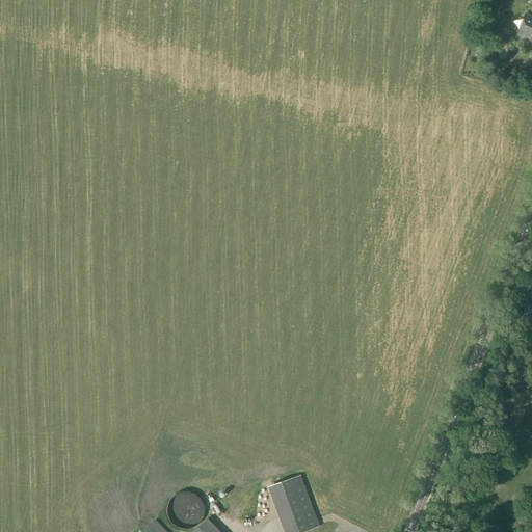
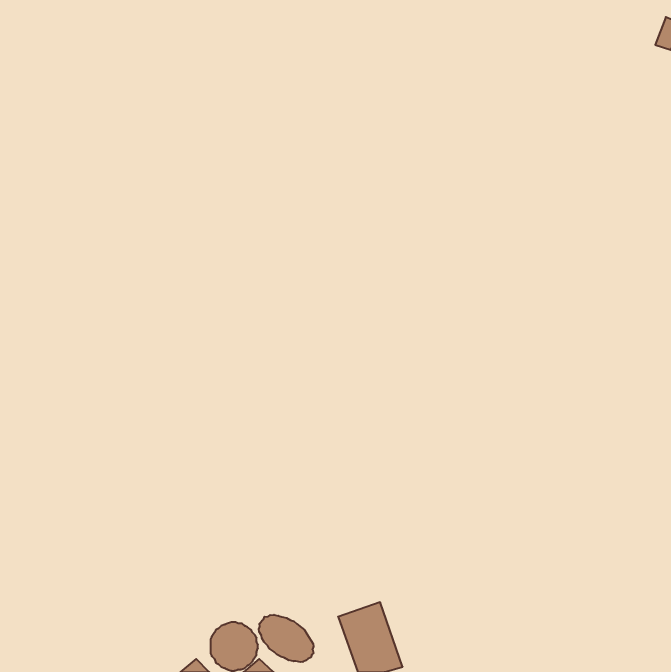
building: none -> [259,615,313,662]

